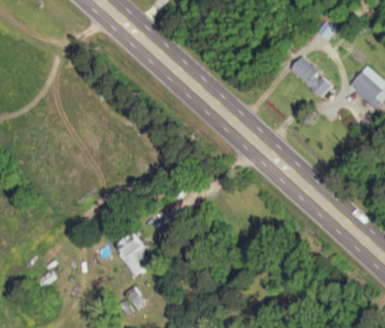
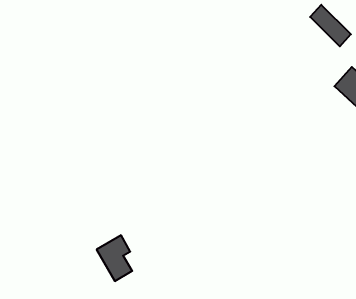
building: [290,56,330,97] -> [310,5,351,46]

